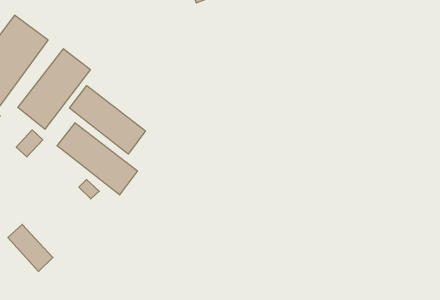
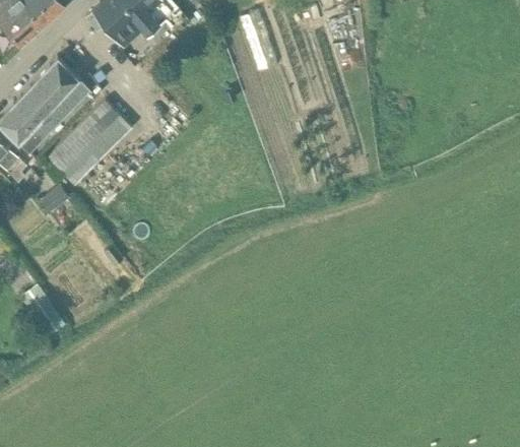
building: [69,86,145,154] -> none
building: [57,123,137,195] -> none

